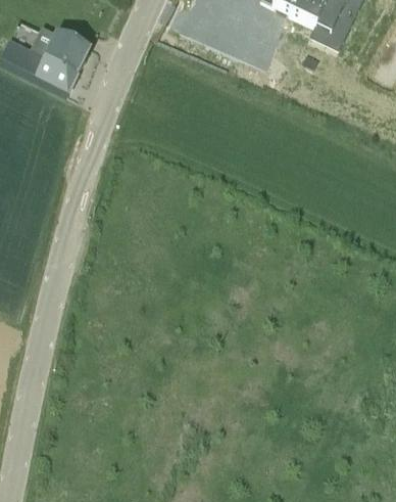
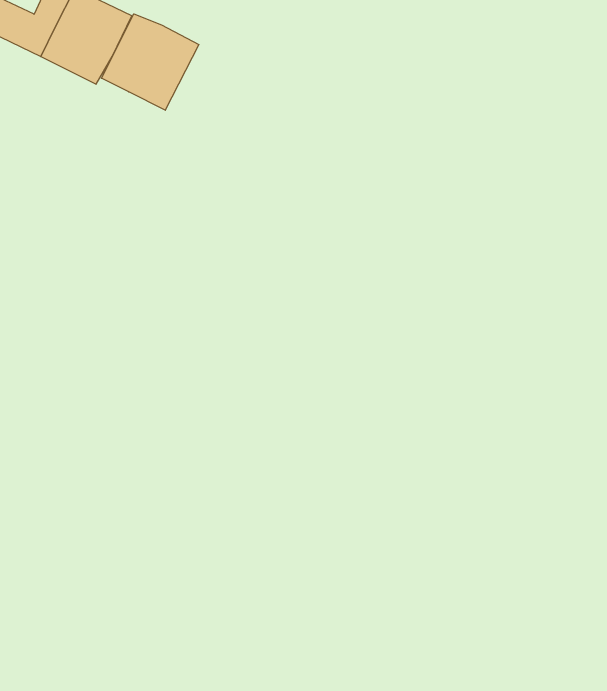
building: none -> [101,14,199,110]

